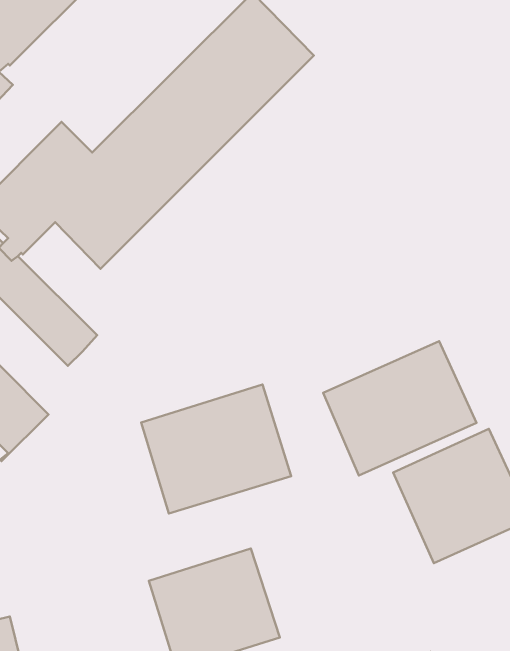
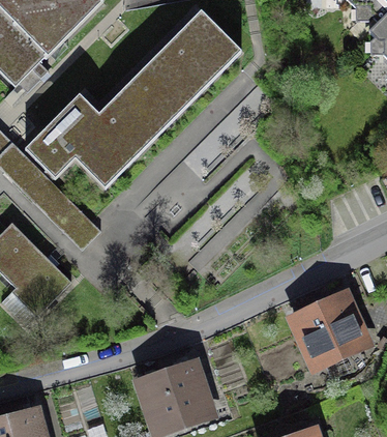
building: [323,341,476,476] -> none
building: [141,384,291,513] -> none

